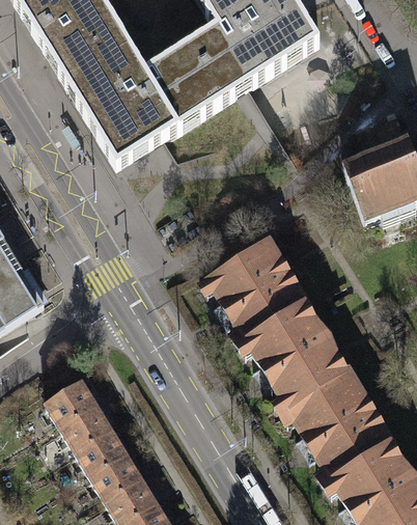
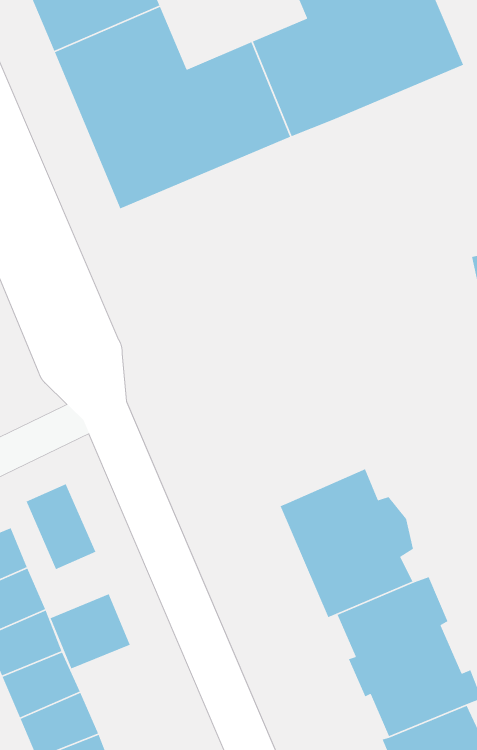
building: [213,239,307,336] -> none
building: none -> [26,483,96,570]
building: none -> [49,593,131,670]

